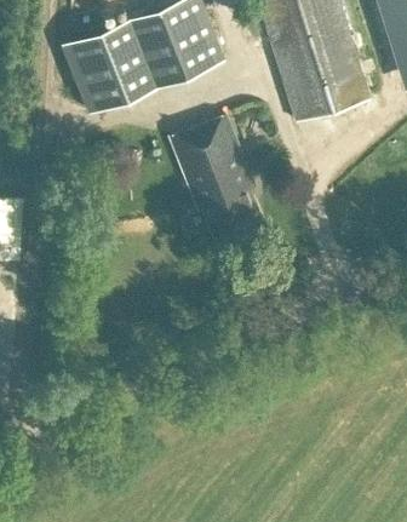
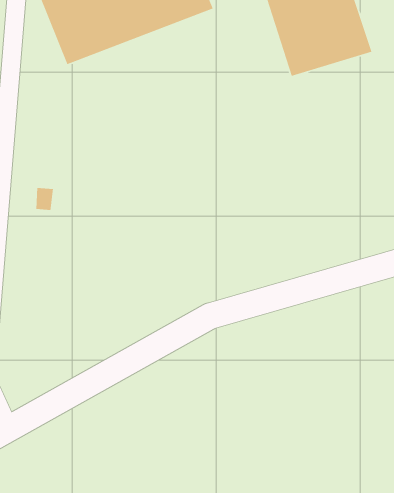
building: [170,116,262,237] -> none

